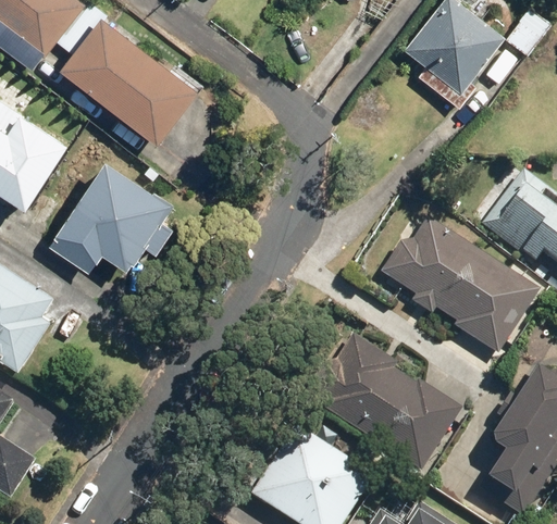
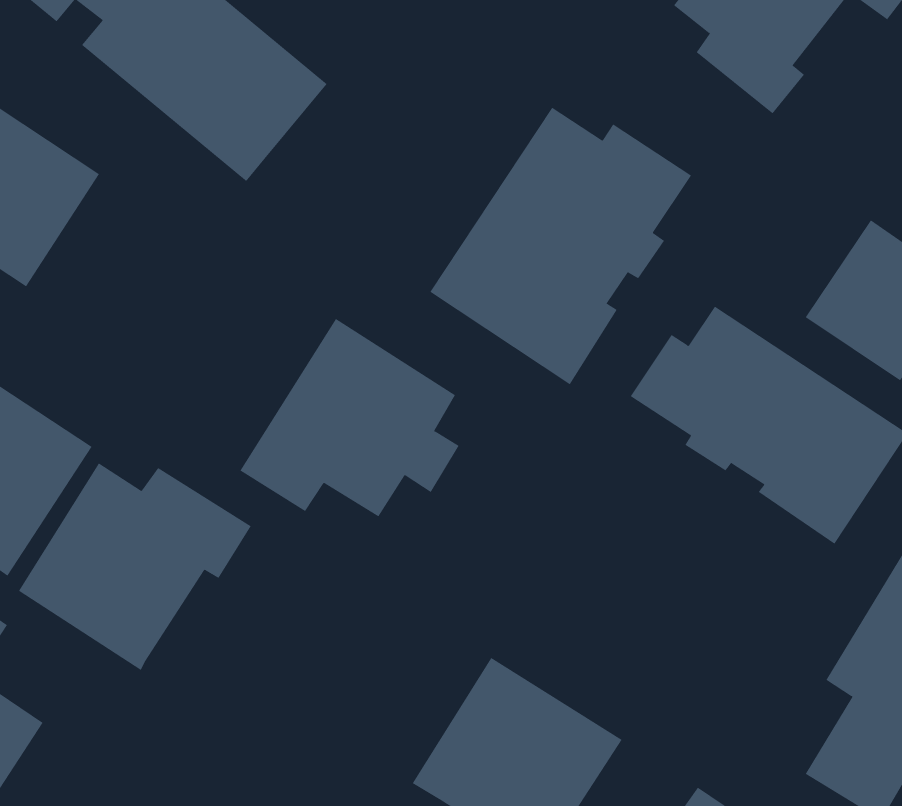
building: none -> [429,107,692,385]
building: [52,158,180,273] -> [240,318,460,517]
building: none -> [18,463,252,671]
building: [308,332,462,472] -> none

